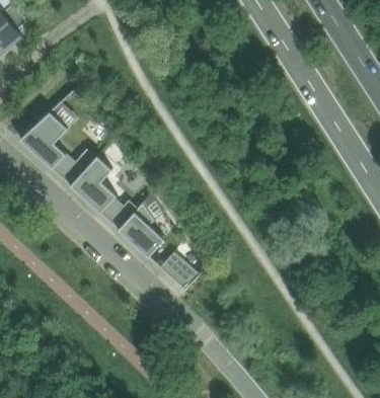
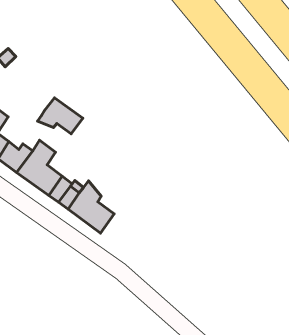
building: none -> [38,98,83,134]
building: [160,255,199,290] -> none

